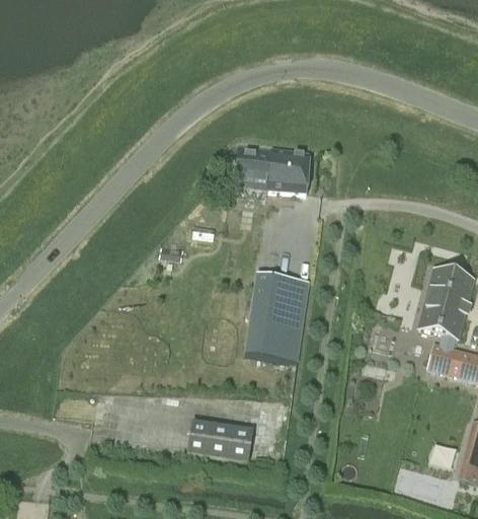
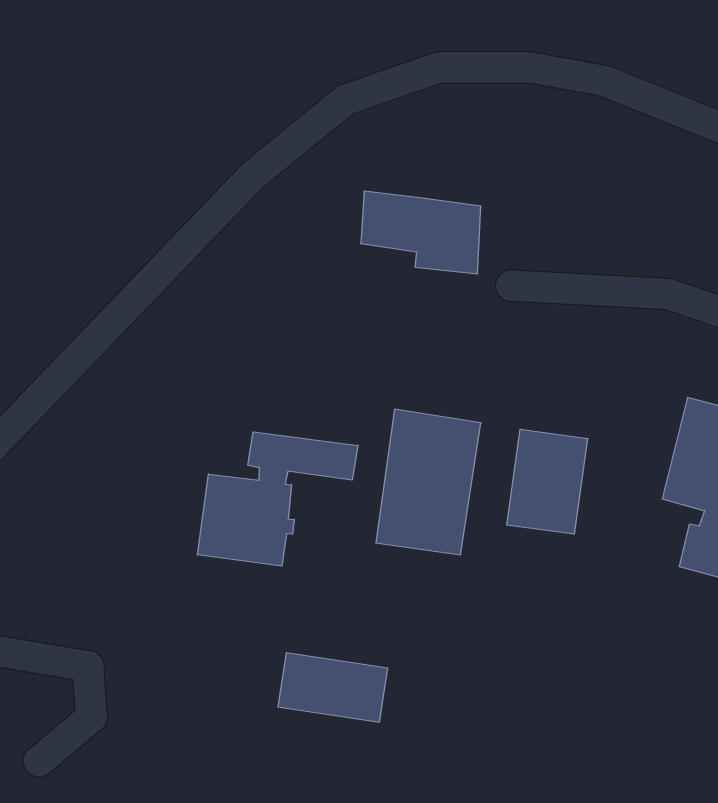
building: none -> [507,429,588,534]
building: none -> [197,432,358,566]

